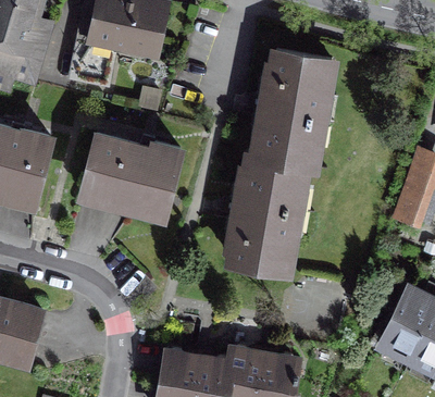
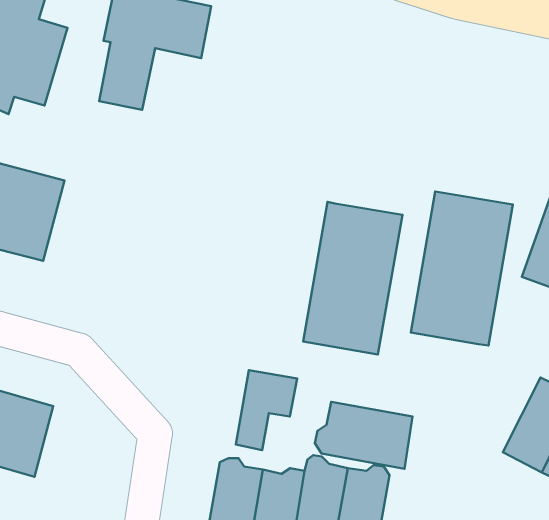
building: [254,48,332,164] -> [411,192,513,346]
building: [82,133,181,211] -> none
building: none -> [236,370,297,450]
building: none -> [315,402,412,469]

